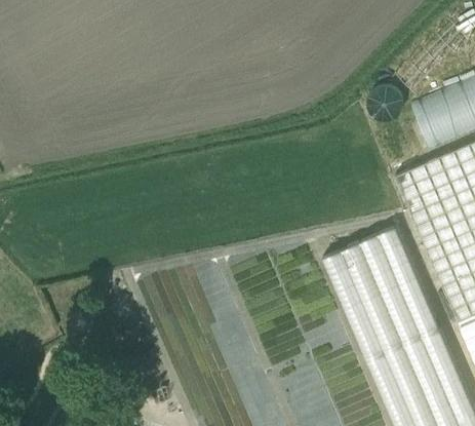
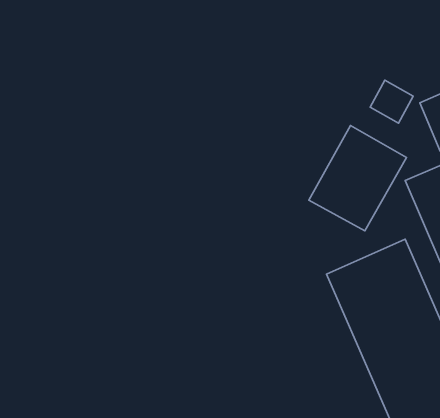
building: none -> [309,126,407,231]

